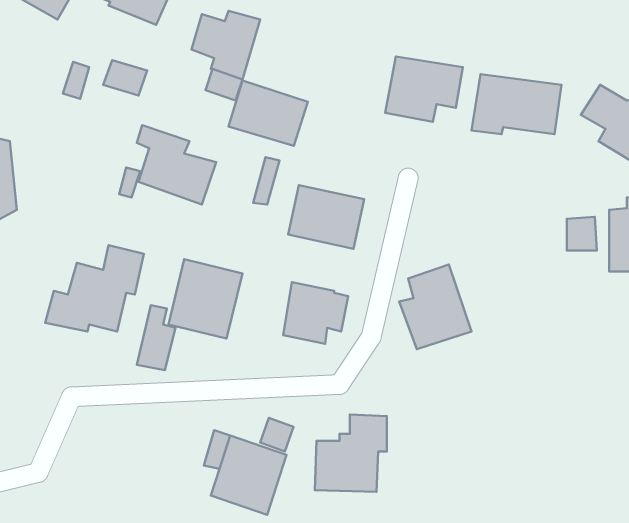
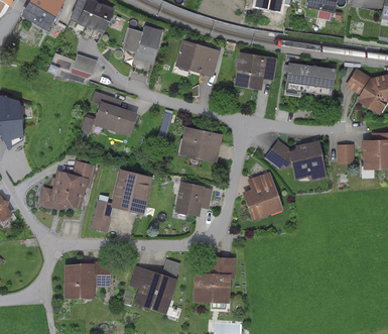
building: [228,81,308,146] -> [175,39,221,77]
building: none -> [264,140,328,182]
building: none -> [63,260,110,299]

